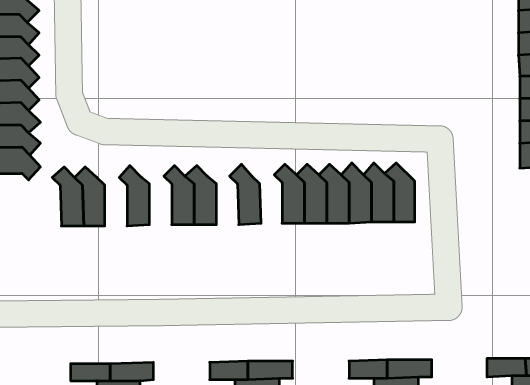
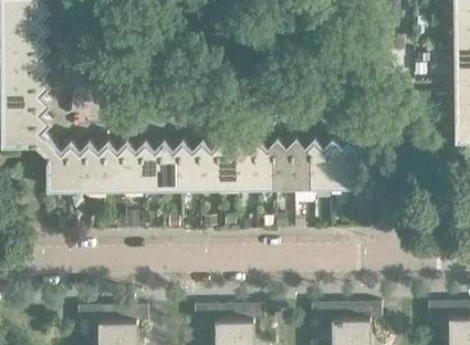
building: none -> [230,142,255,191]
building: none -> [100,143,125,194]
building: none -> [137,143,163,192]
building: none -> [192,143,219,192]
building: none -> [42,144,70,194]

